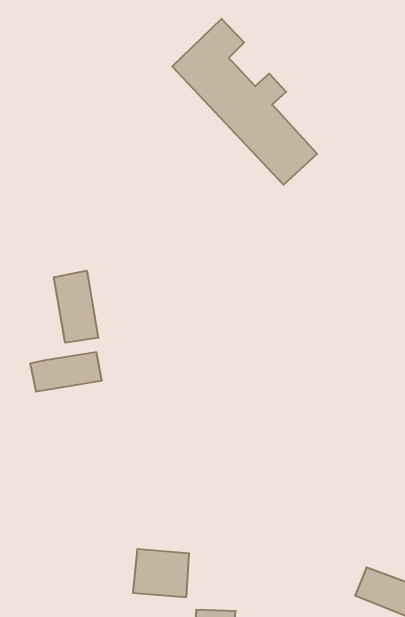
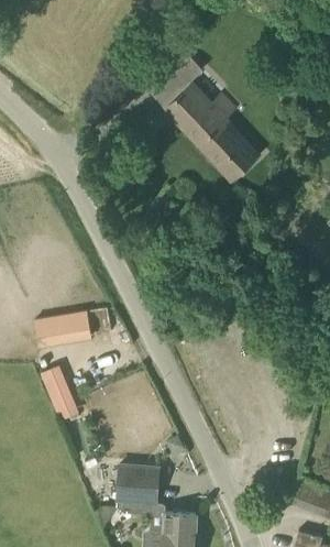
building: [54,271,98,343] -> none
building: none -> [40,368,79,423]

